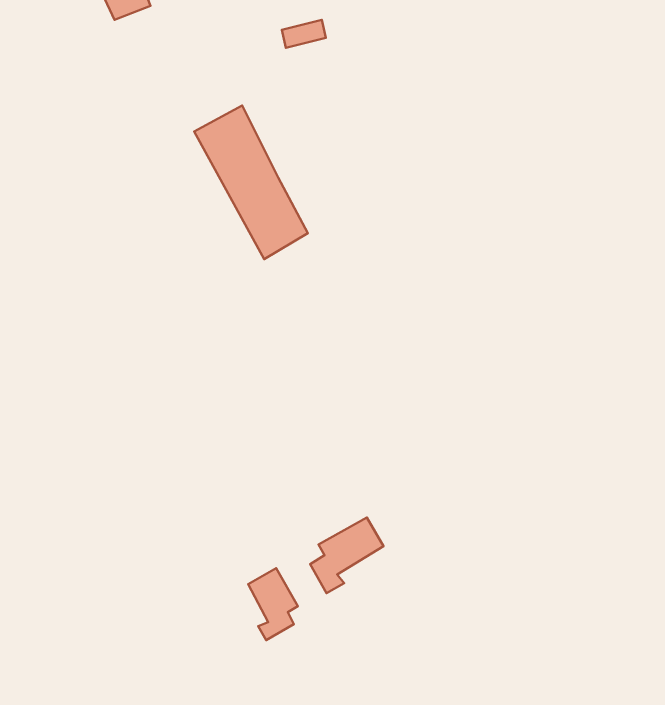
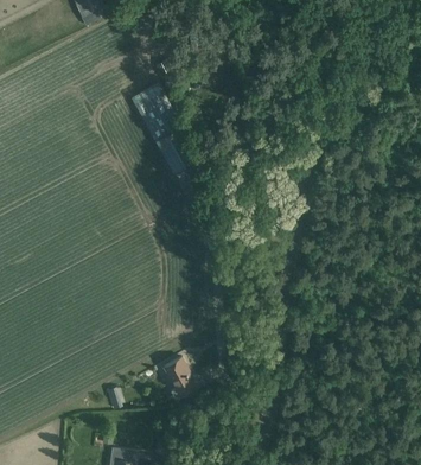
building: [310,517,383,593] -> none

